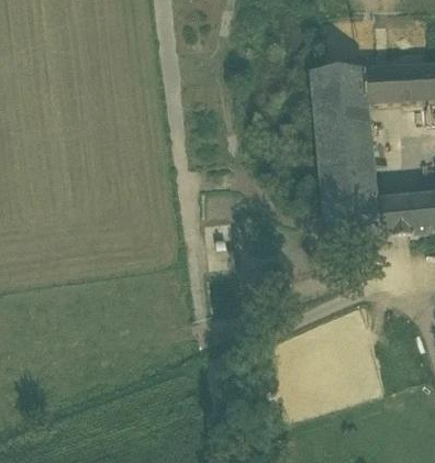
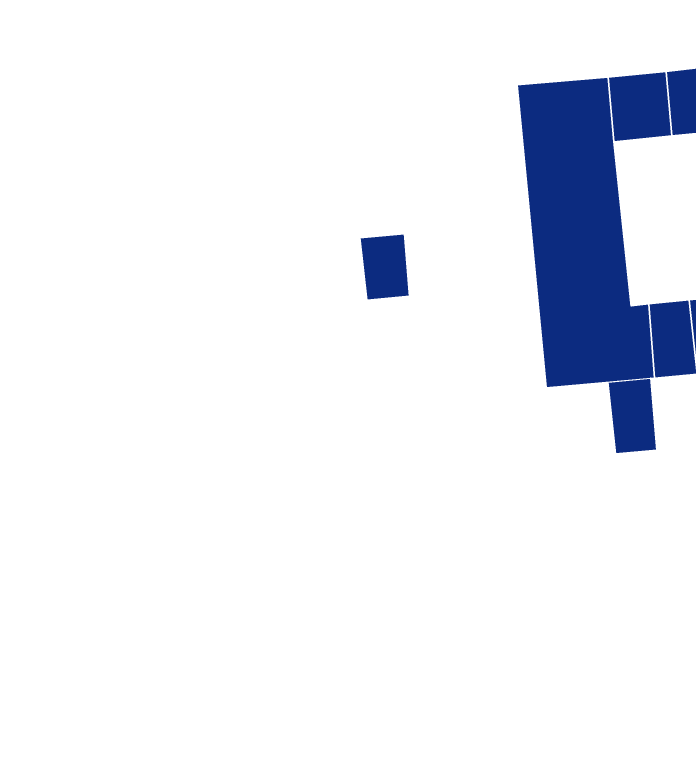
building: none -> [360,234,409,300]
building: none -> [608,378,656,454]

